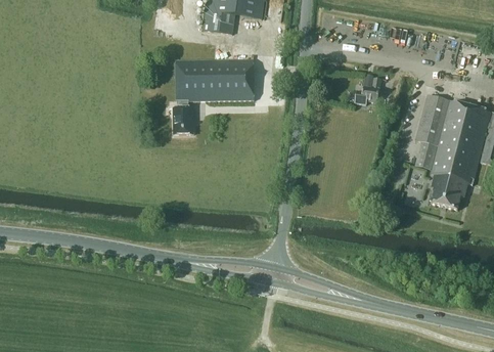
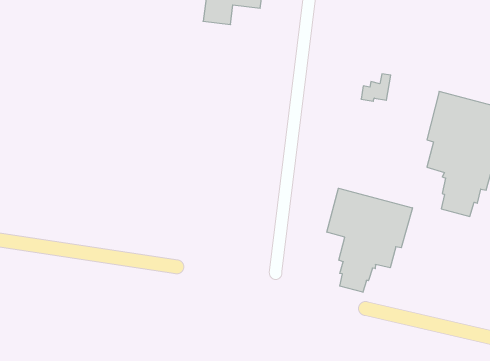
building: [173,58,254,133] -> none
building: none -> [327,188,412,292]

